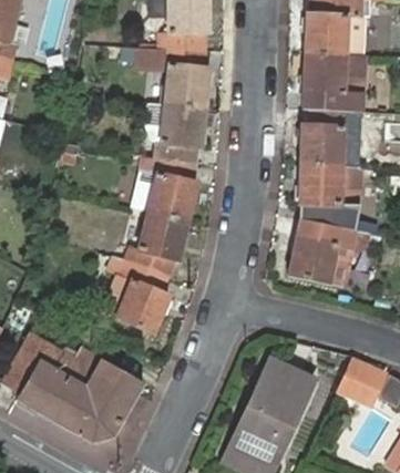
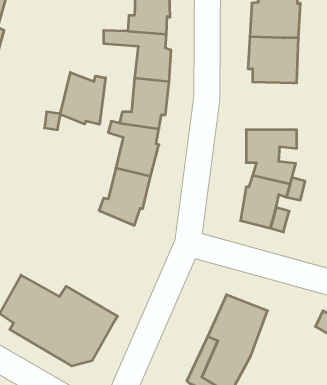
building: none -> [60,72,106,124]
building: [298,107,353,164] -> none
building: [102,259,168,330] -> none
building: [343,362,384,404] -> none

